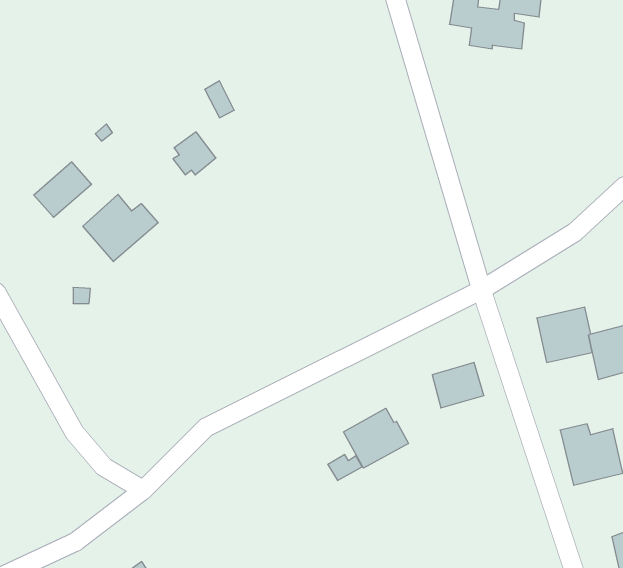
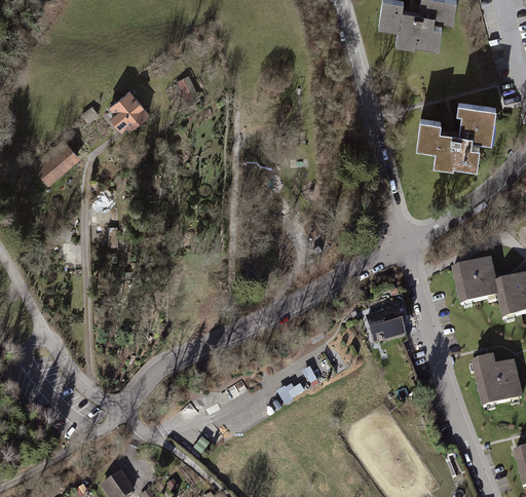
building: none -> [417,97,497,167]
building: [173,132,216,175] -> [110,89,146,125]
building: [83,194,158,262] -> none
building: [343,408,408,468] -> none

